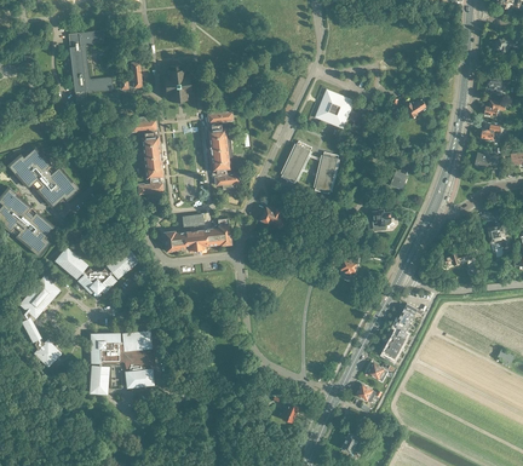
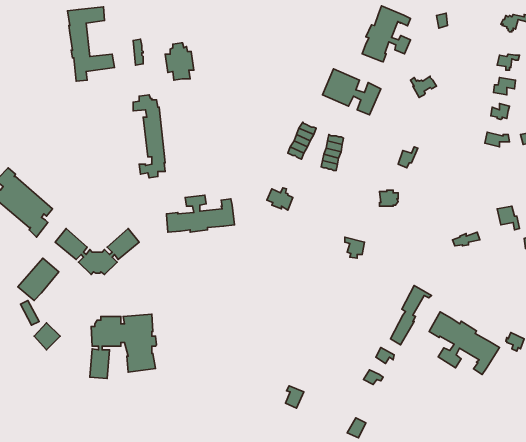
building: none -> [362,6,410,62]
building: [206,109,238,189] -> none
building: [7,148,77,206] -> none
building: none -> [429,312,499,374]

